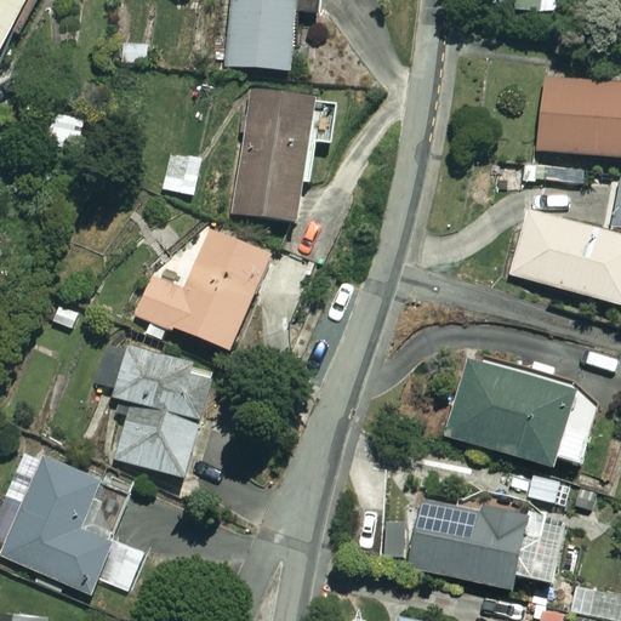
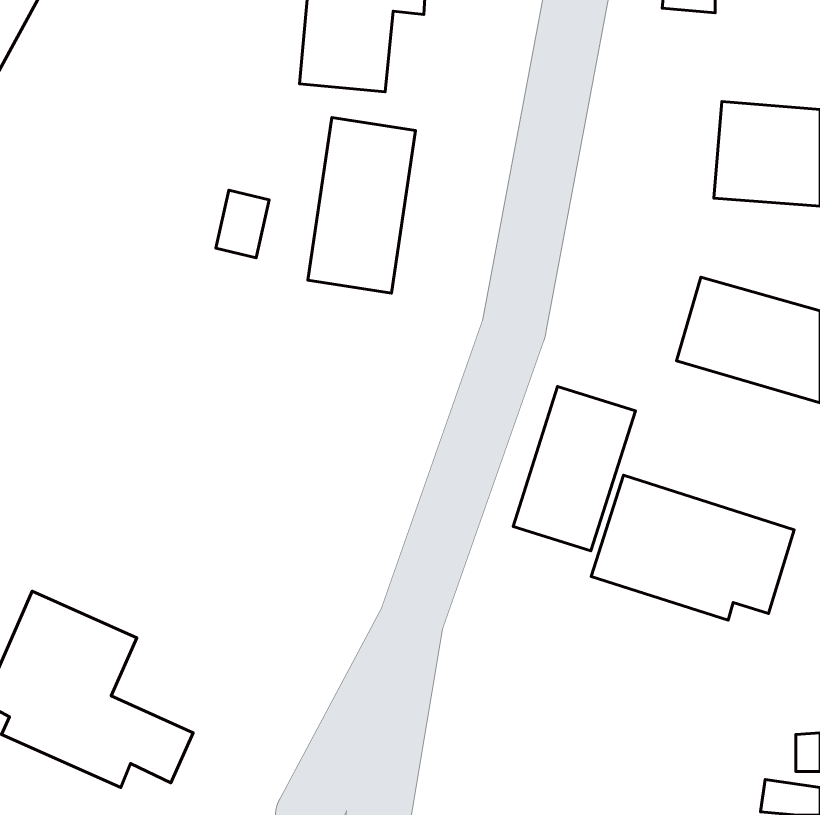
building: [135,228,269,351] -> none
building: none -> [513,386,635,551]
building: [92,336,220,478] -> none
building: [406,498,563,588] -> none

